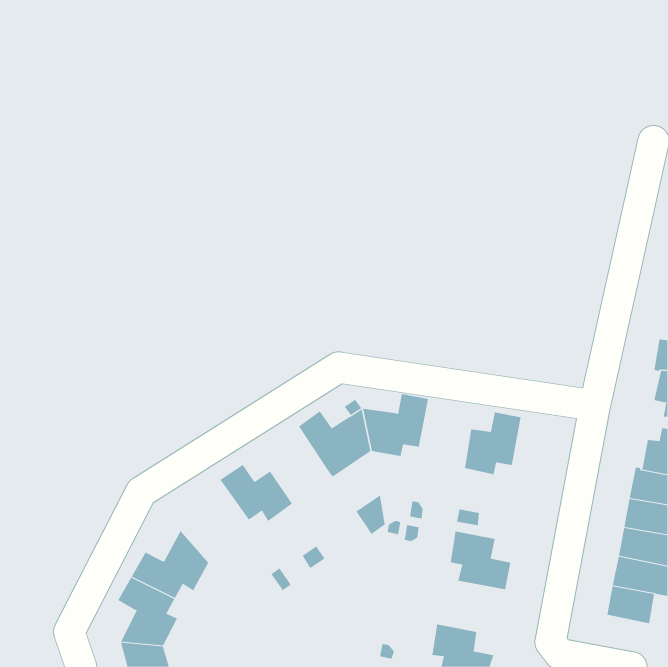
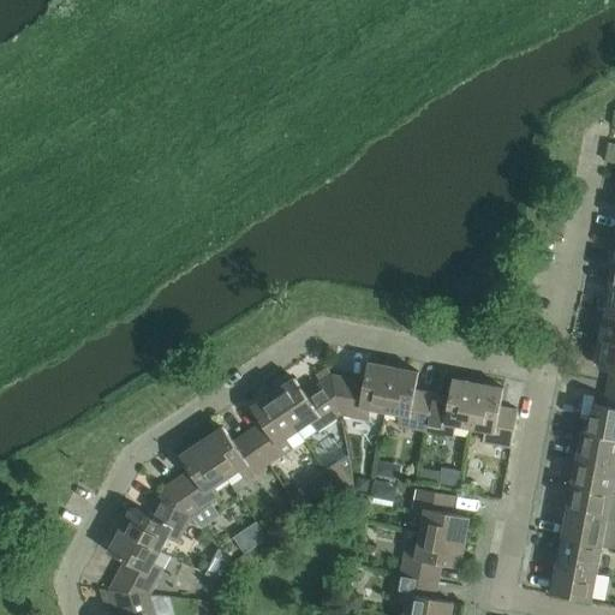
building: none -> [386,366,432,430]
building: none -> [471,383,519,447]
building: none -> [249,392,305,462]
building: none -> [166,441,228,517]
building: none -> [401,533,465,580]
building: none -> [553,565,597,601]

